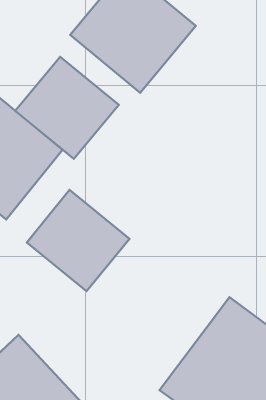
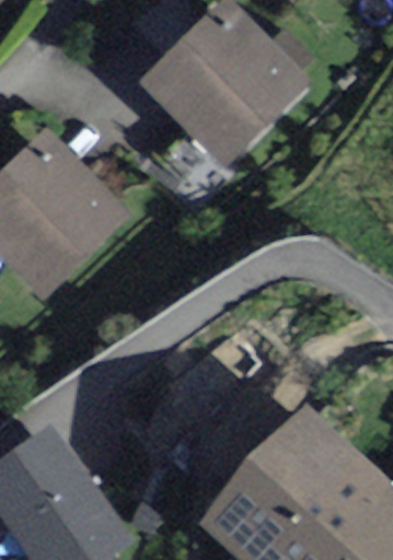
building: [15,57,119,159] -> none
building: [27,190,129,291] -> none

